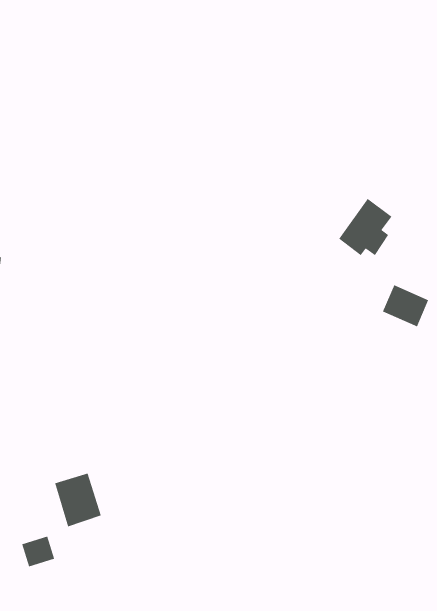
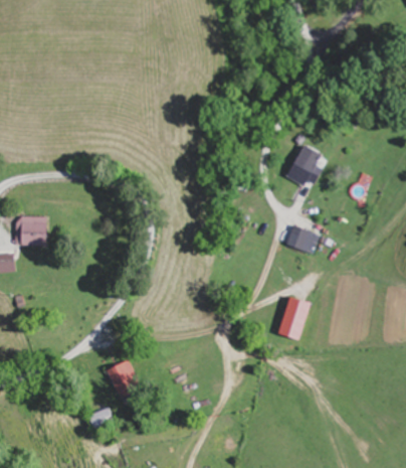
building: [382,284,429,327] -> [283,224,316,253]
building: none -> [280,307,309,336]

